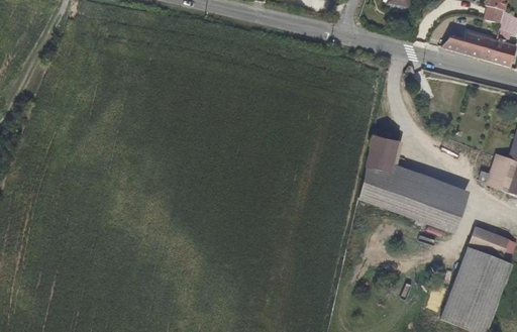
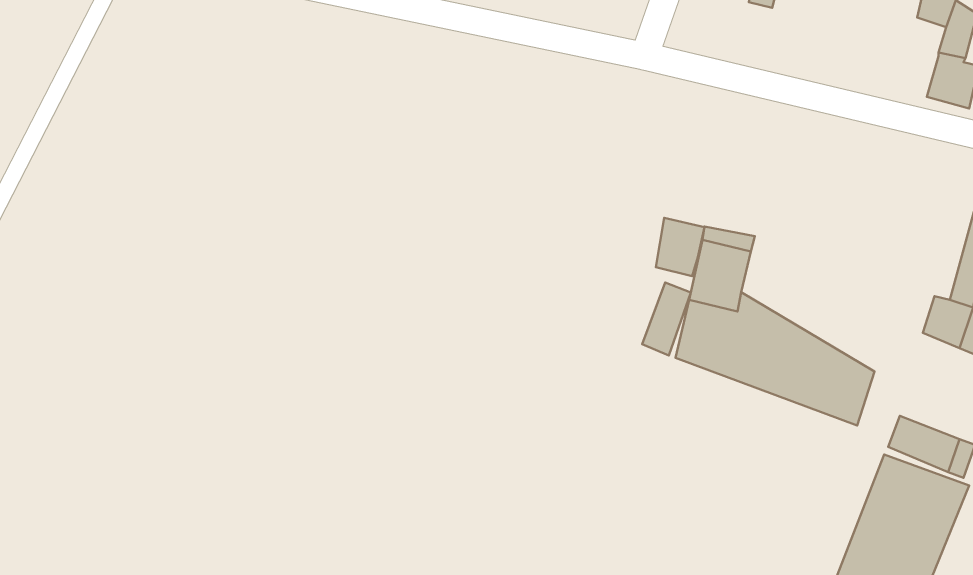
building: [442,30,496,60] -> none
building: none -> [656,218,704,276]
building: none -> [642,282,691,355]

